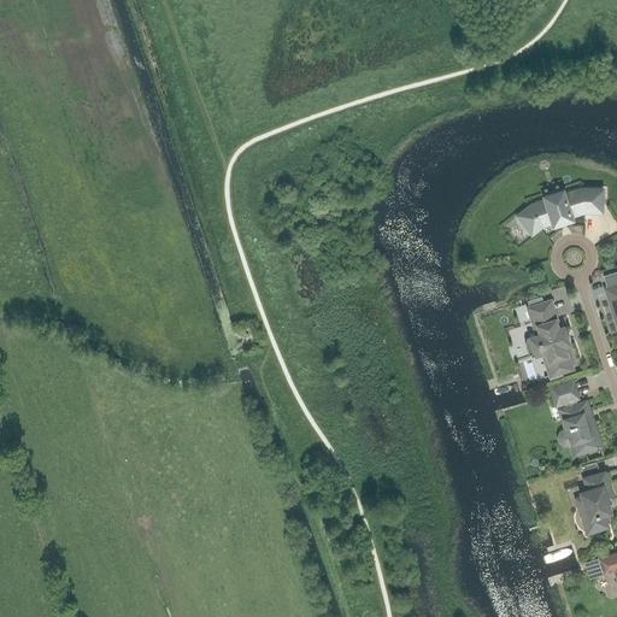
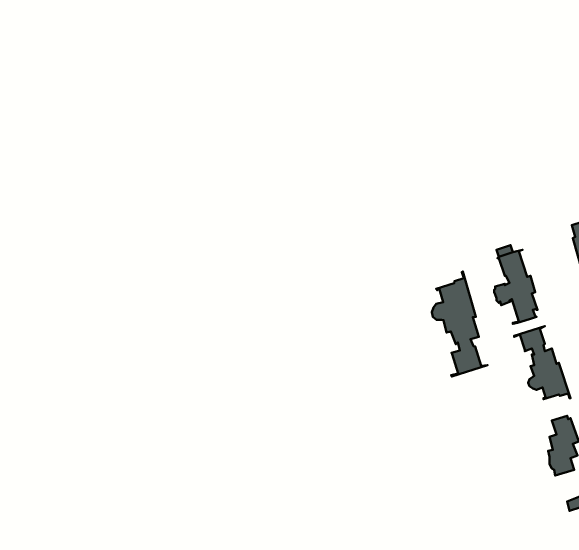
building: [518,188,603,233] -> none
building: none -> [432,271,487,376]

